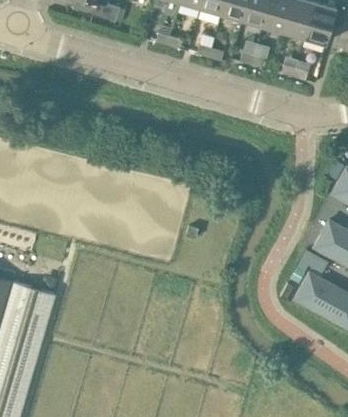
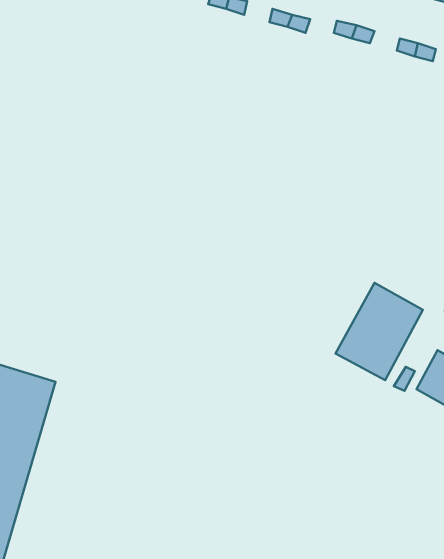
building: none -> [335,283,423,380]

